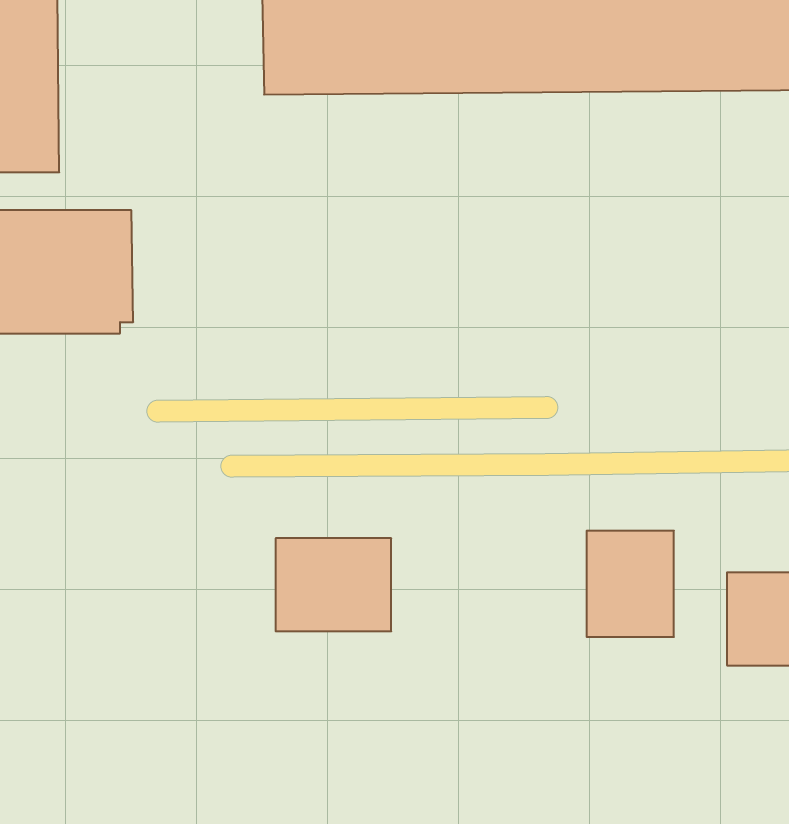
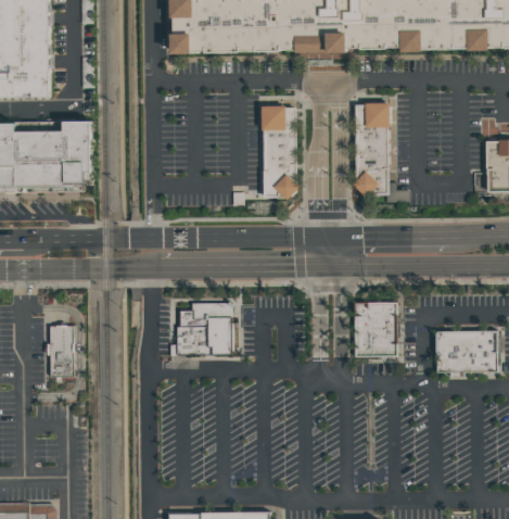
building: none -> [354,100,391,194]
building: none -> [262,103,296,195]
building: none -> [44,324,73,376]

